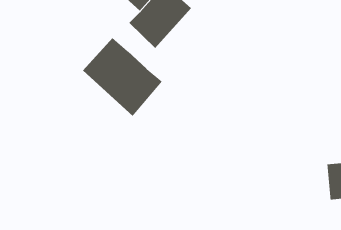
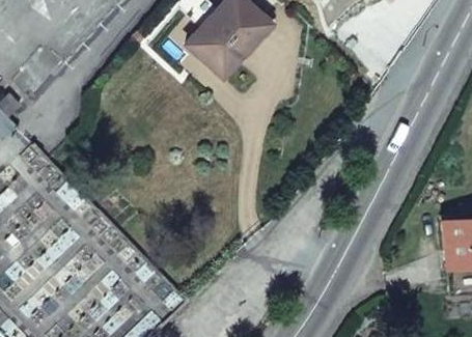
building: [82,37,163,117] -> none

